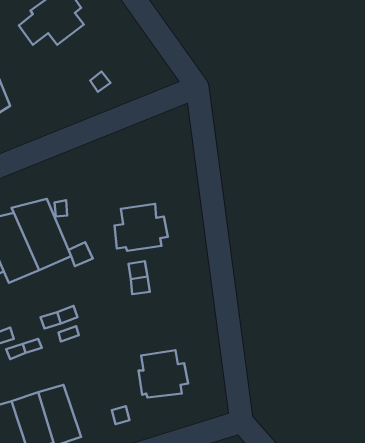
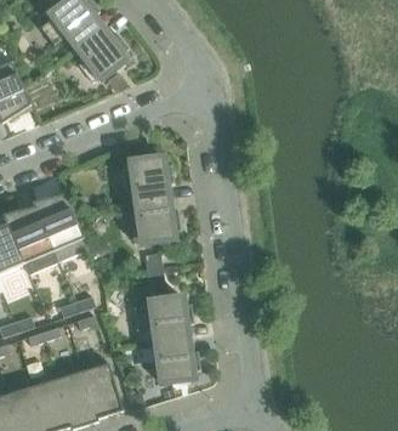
building: none -> [74,27,126,79]
building: none -> [121,157,172,203]
building: none -> [132,296,192,342]
building: none -> [80,362,121,418]

